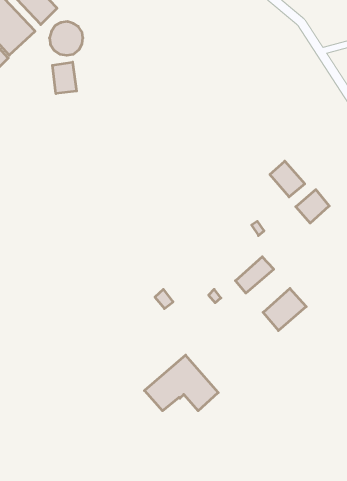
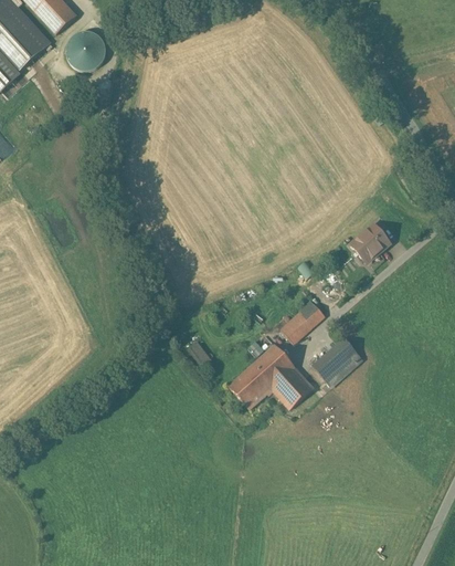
building: [52,62,77,94] -> none
building: [270,161,305,197] -> none
building: [144,355,218,411] -> [228,344,313,408]

